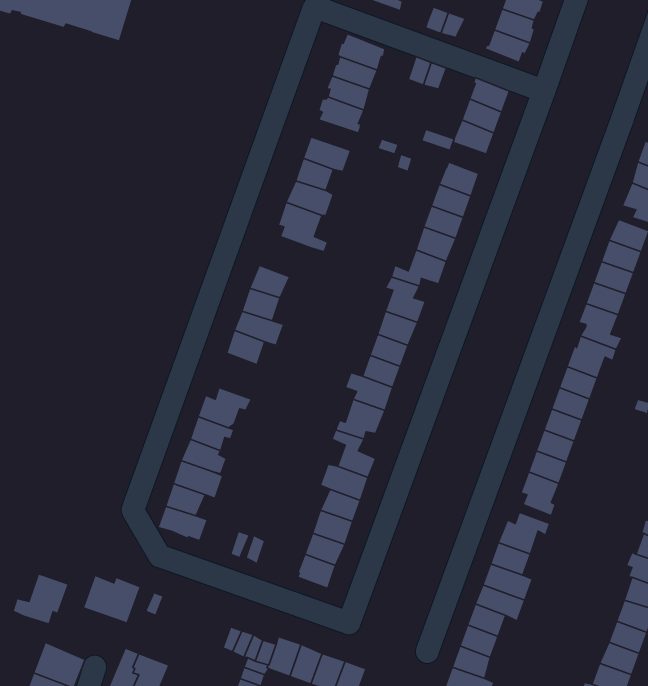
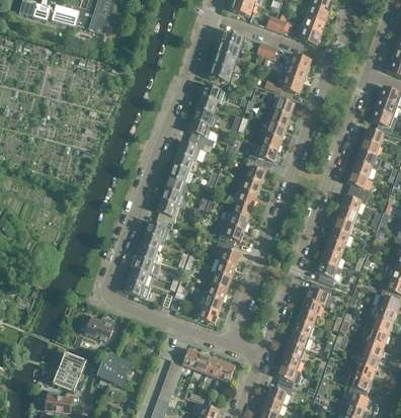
building: none -> [178,137,213,159]
building: none -> [157,198,180,223]
building: [13,574,69,624] -> none

